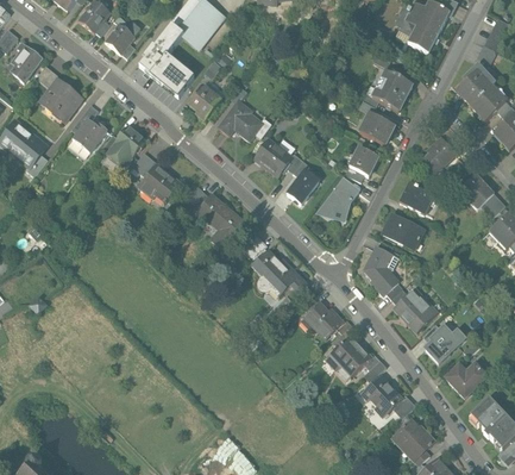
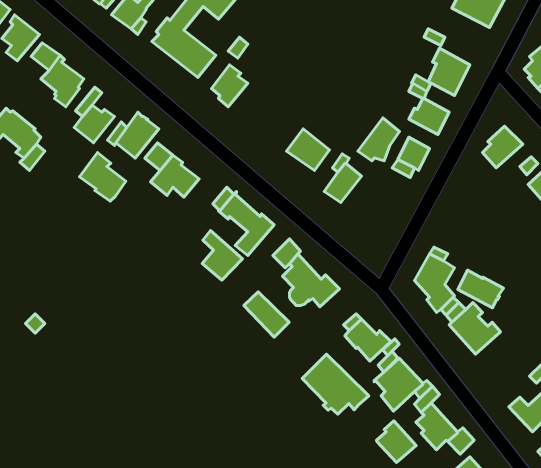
building: [219,100,262,139] -> none
building: none -> [79,152,126,201]
building: [322,177,358,214] -> [358,118,400,161]
building: [400,182,433,213] -> none
building: [384,215,423,248] -> [458,270,504,308]
building: none -> [202,230,242,280]
building: none -> [244,292,289,337]
building: [425,326,460,363] -> none
building: none -> [302,354,369,414]
building: none -> [377,421,416,462]

